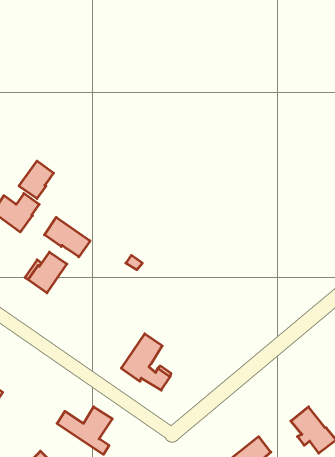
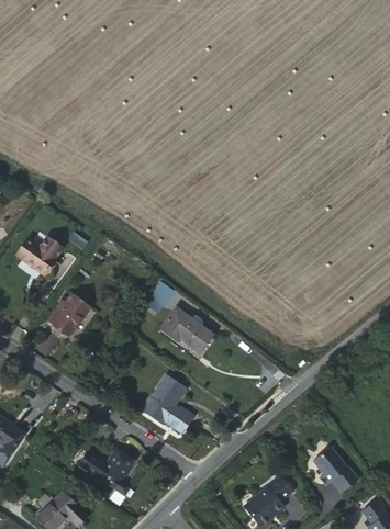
building: [19,161,54,199] -> none
building: [44,217,90,257] -> none
building: none -> [163,308,212,351]

